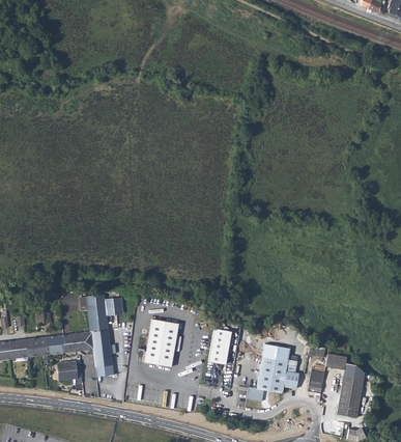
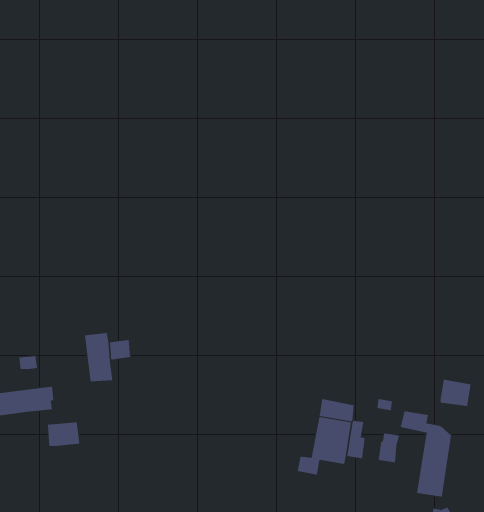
building: [144,320,177,367] -> none
building: [208,328,232,364] -> none
building: none -> [440,379,471,407]
building: [61,330,113,376] -> none

